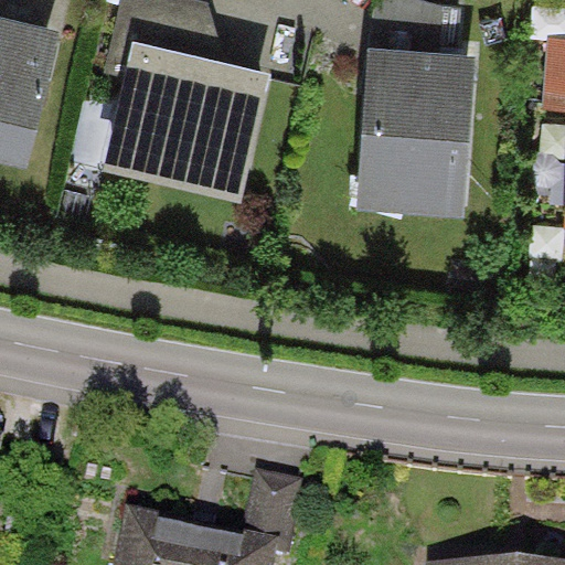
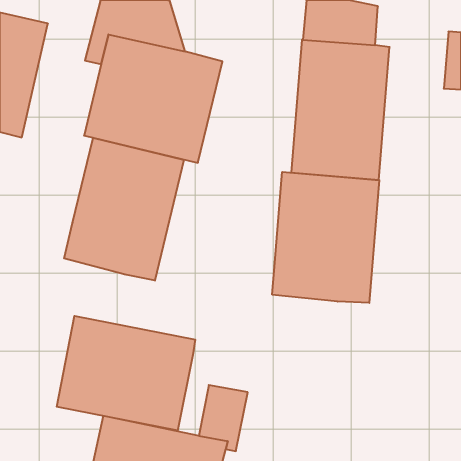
building: none -> [64,138,184,281]
building: none -> [272,172,379,303]
building: none -> [57,316,195,430]

